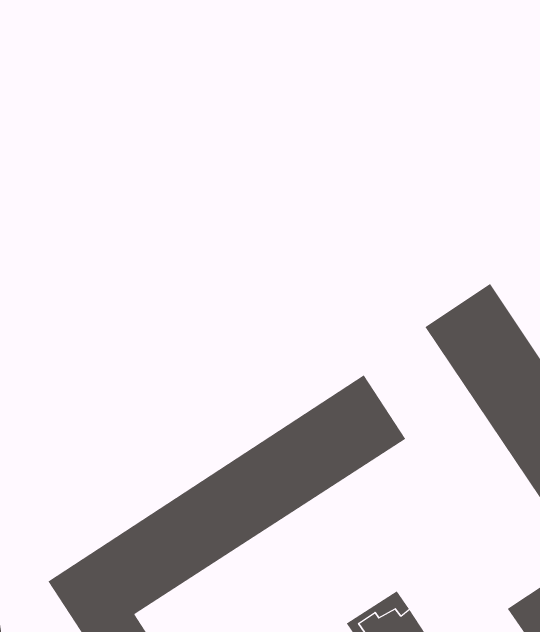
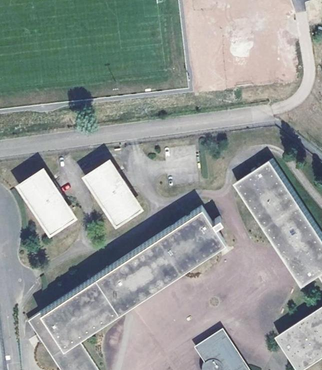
building: none -> [84,160,135,218]
building: none -> [18,170,68,227]

